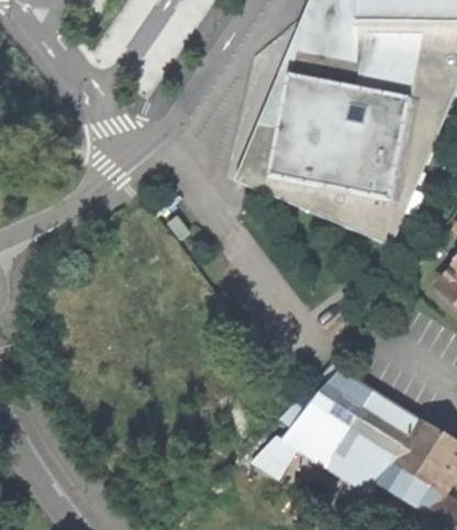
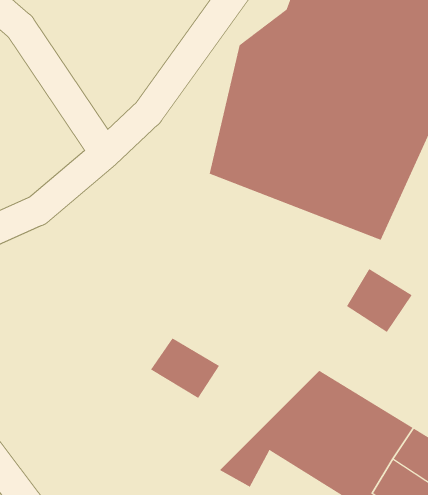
building: none -> [346,268,412,333]
building: none -> [150,337,220,399]

